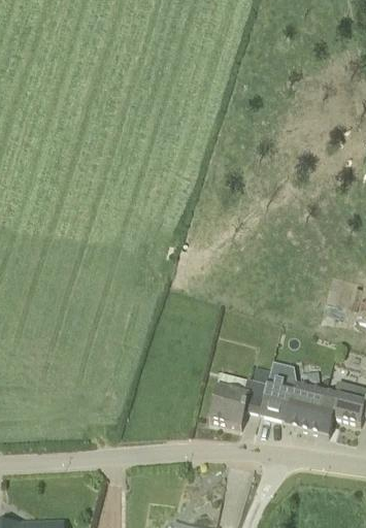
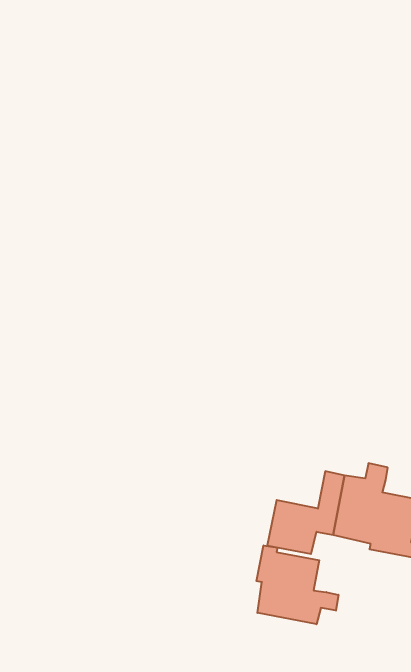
building: none -> [256,545,338,624]

